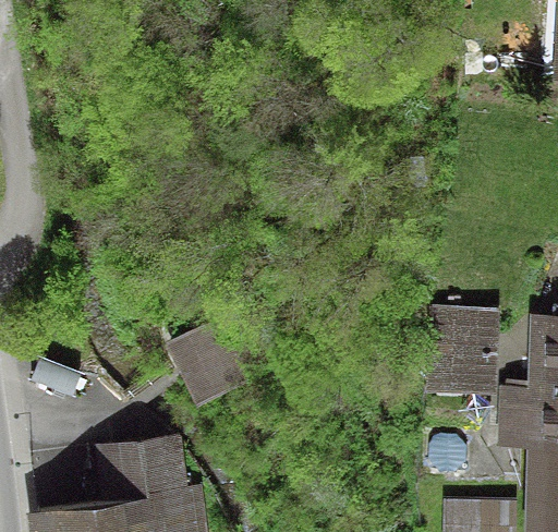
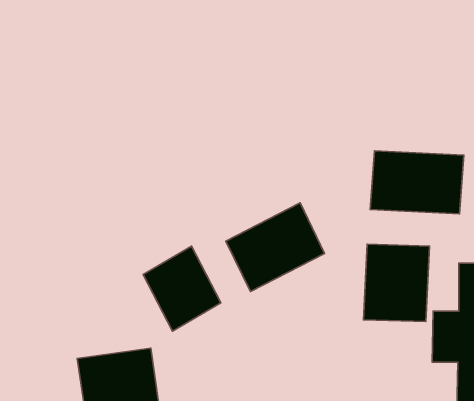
building: none -> [370,151,464,214]
building: none -> [226,203,325,292]

